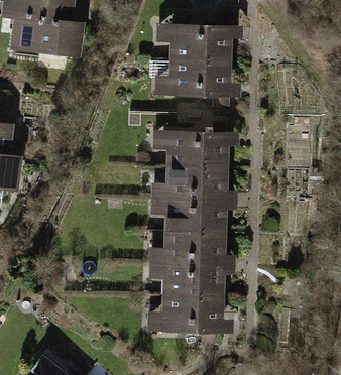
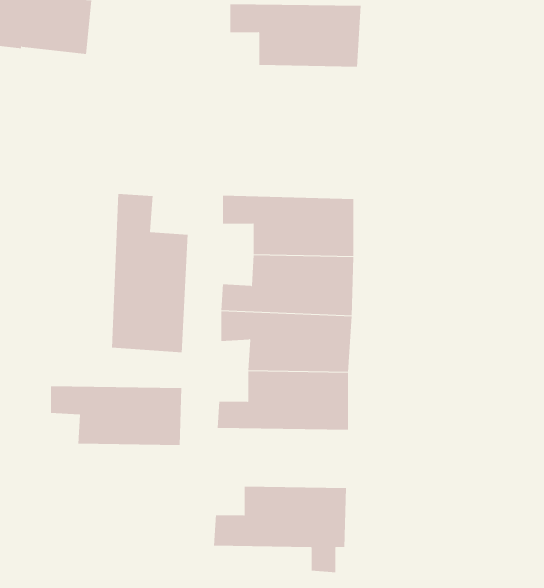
building: [150,60,229,95] -> none
building: none -> [111,193,188,353]
building: [150,263,224,296] -> [50,386,182,446]

